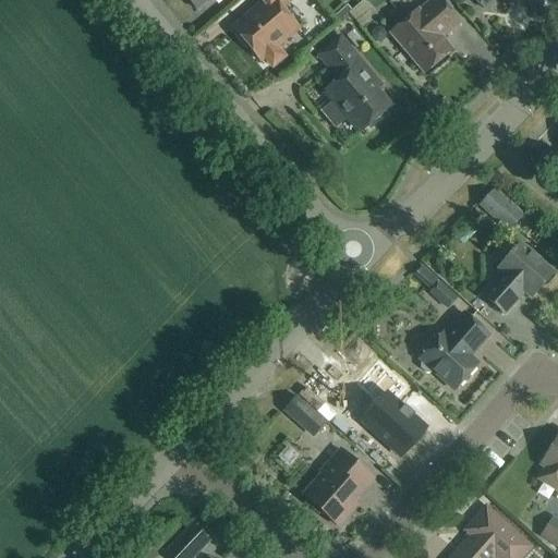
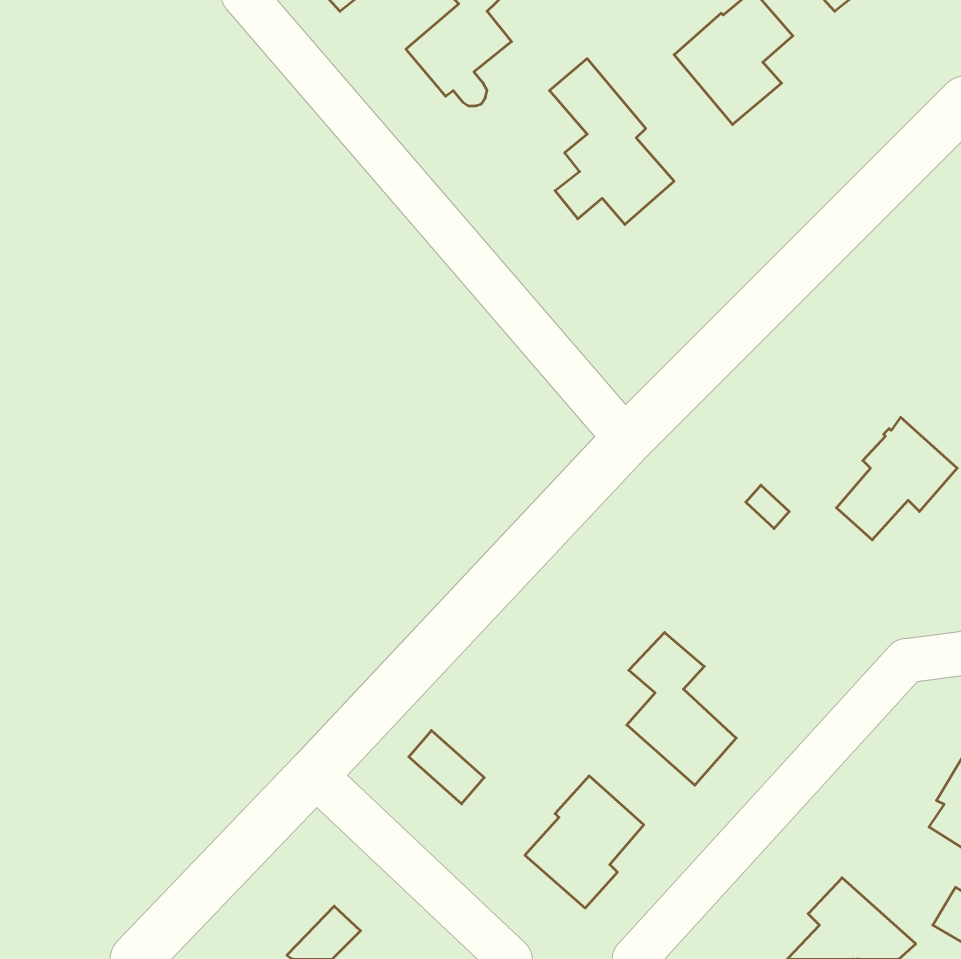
building: [483,190,522,228] -> none
building: [422,312,490,387] -> none
building: [284,393,328,436] -> [409,730,484,804]

